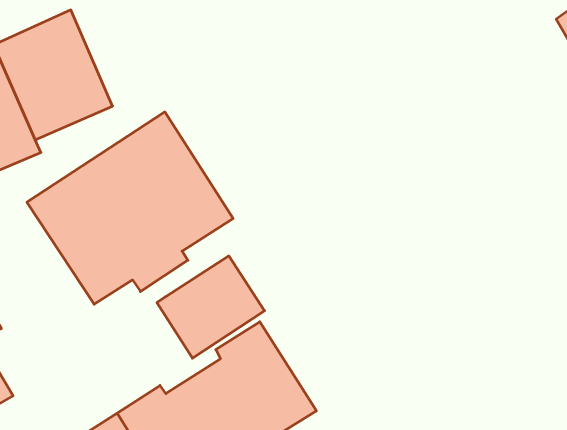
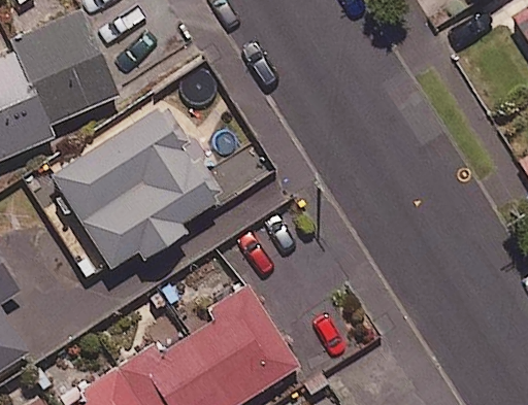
building: [157,256,265,358] -> none

